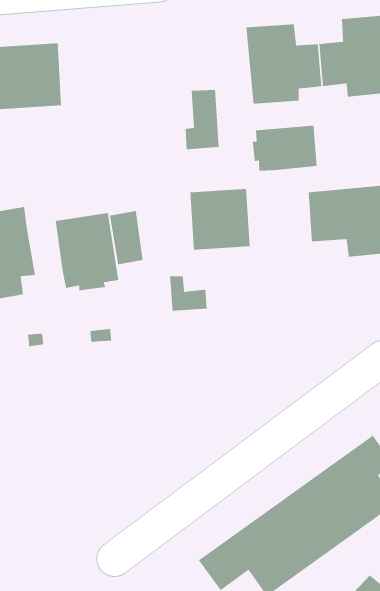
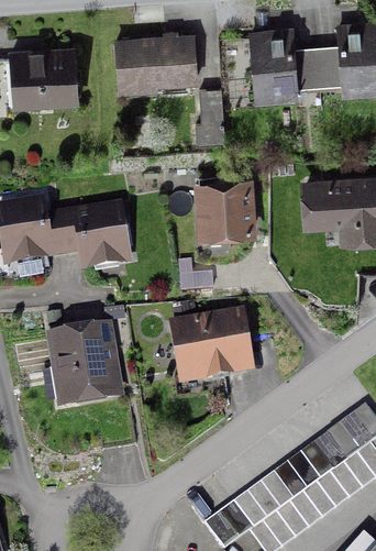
building: none -> [114,29,198,92]
building: [252,125,318,171] -> none
building: [109,210,144,265] -> [47,208,79,258]
building: none -> [174,312,250,381]
building: none -> [49,324,122,405]

